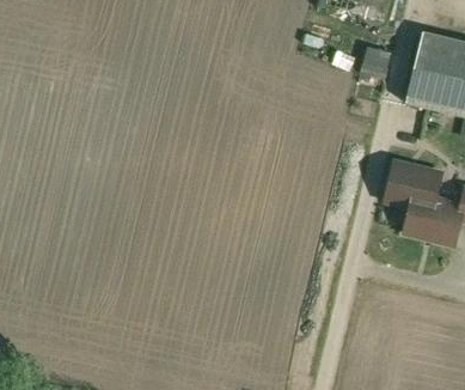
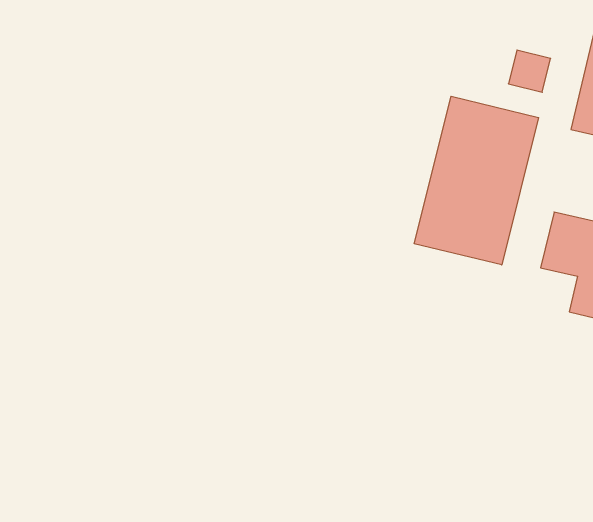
building: none -> [414,96,539,265]

